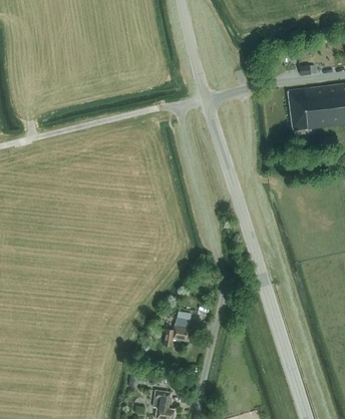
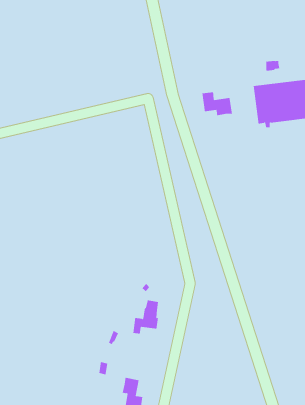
building: none -> [202,91,232,116]

